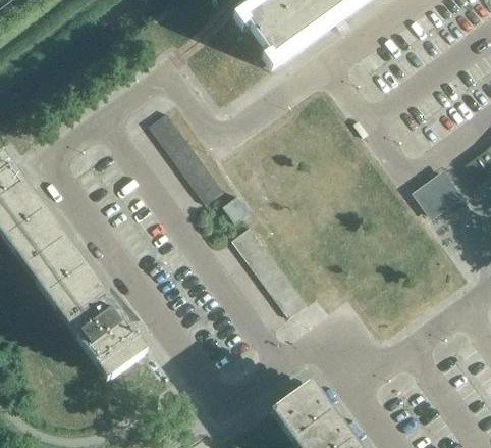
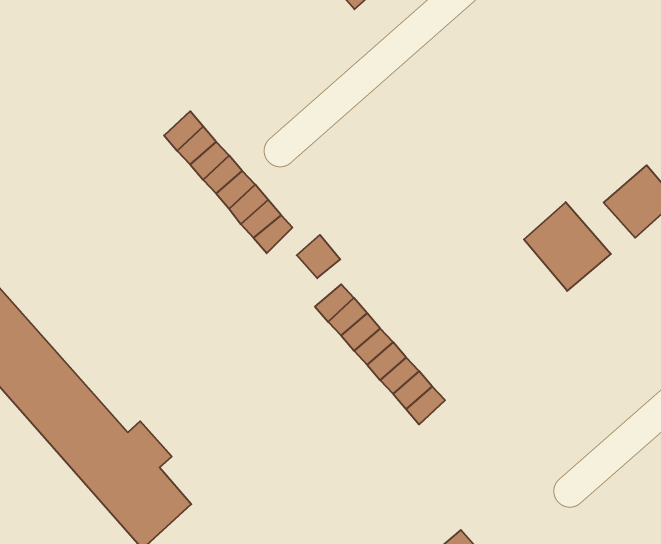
building: none -> [524,202,611,291]

